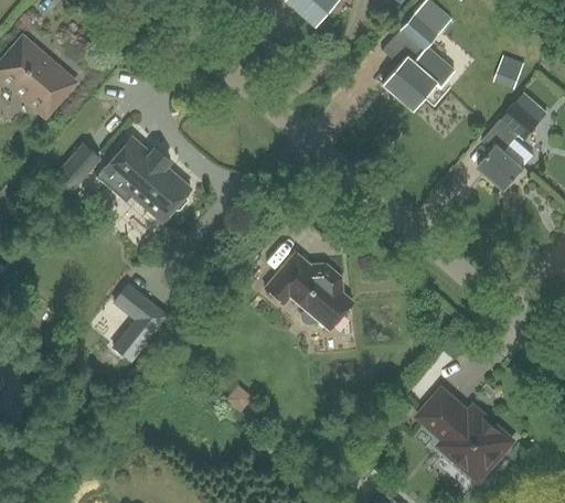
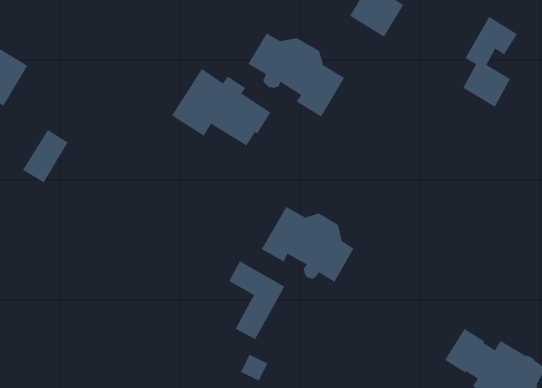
building: none -> [247,33,345,118]
building: [97,138,191,217] -> [171,68,271,146]
building: [114,286,167,362] -> [229,261,285,340]

